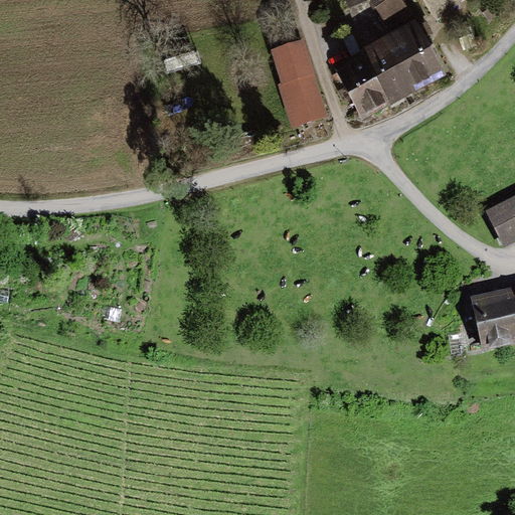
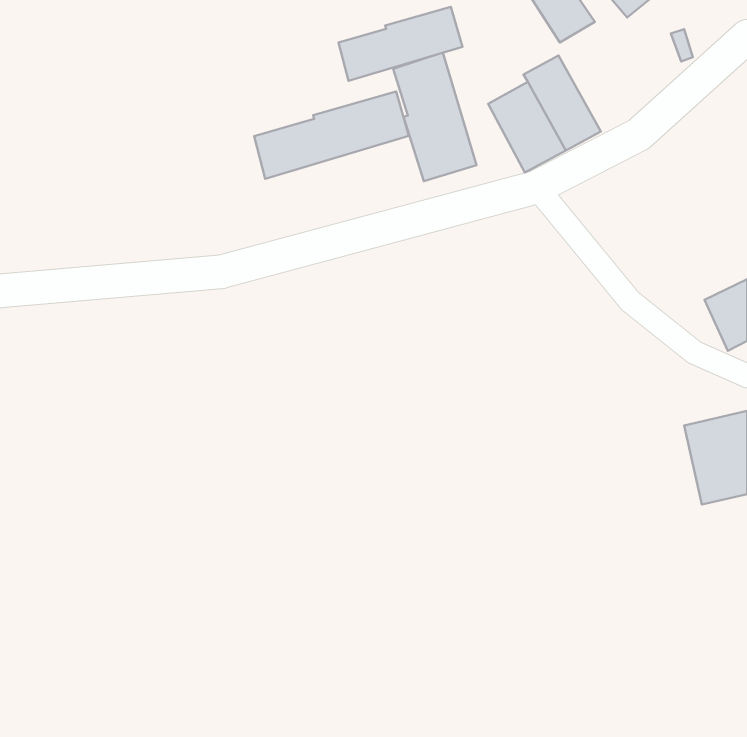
building: none -> [338,7,462,81]
building: [384,21,444,91] -> none
building: none -> [254,91,409,179]

